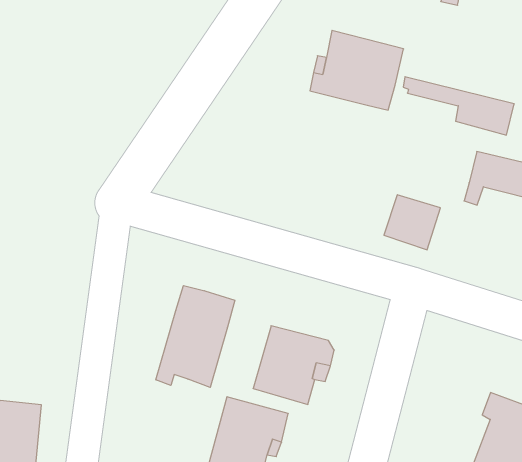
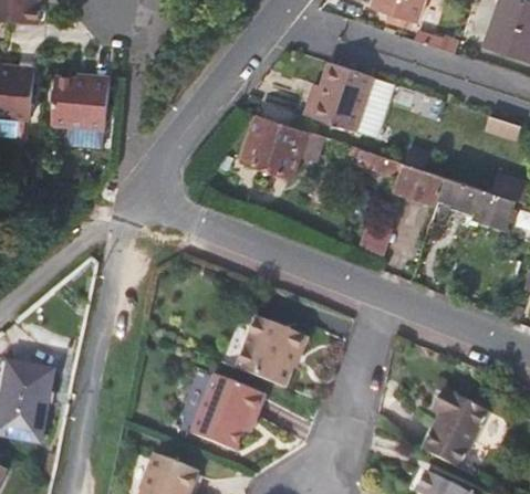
building: none -> [52,76,107,133]
building: [403,77,514,135] -> [351,146,446,203]
building: none -> [245,115,316,174]
building: [156,286,235,387] -> none

